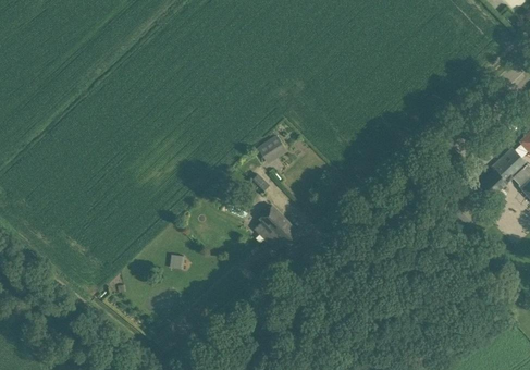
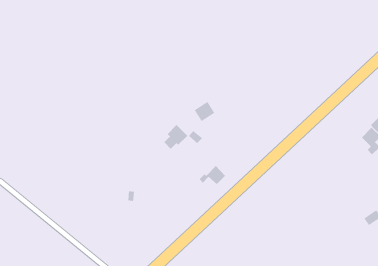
building: [256,206,288,239] -> [163,124,188,150]

